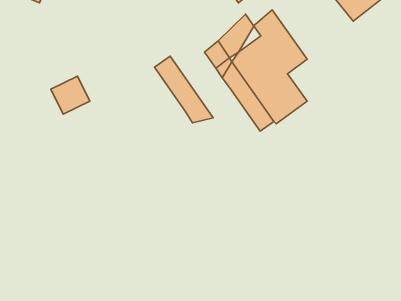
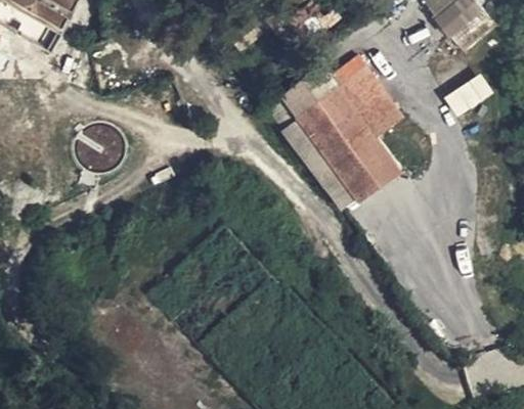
building: none -> [442,75,492,119]
building: [154,56,213,123] -> none

